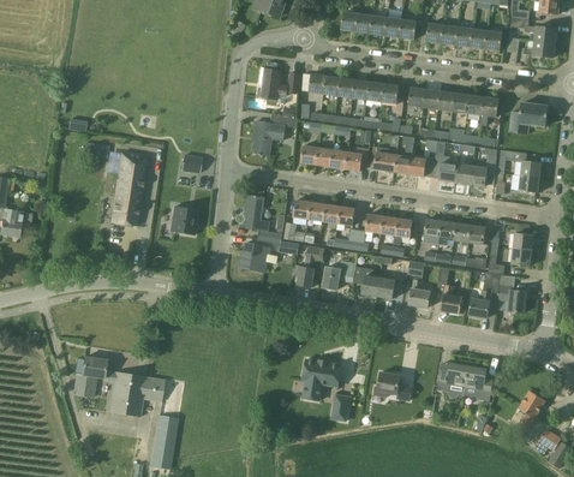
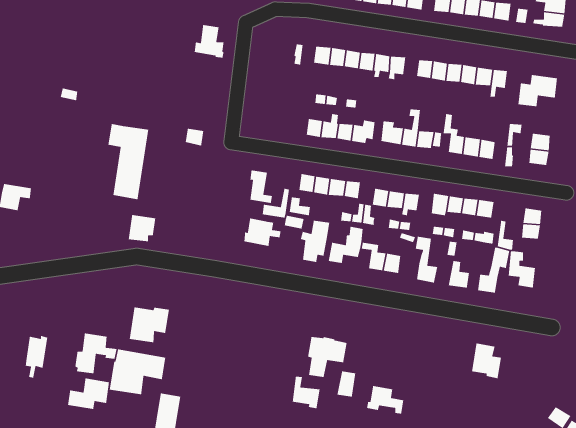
building: [256,68,286,102] -> [194,24,224,59]
building: [252,113,297,155] -> none
building: [169,205,197,233] -> [128,214,156,242]
building: none -> [129,307,170,343]
building: none -> [25,335,48,379]
building: [436,362,467,396] -> none
building: [373,371,411,400] -> [366,385,404,415]
building: [518,389,545,427] -> none
building: none -> [292,376,320,409]
building: none -> [67,378,110,410]

